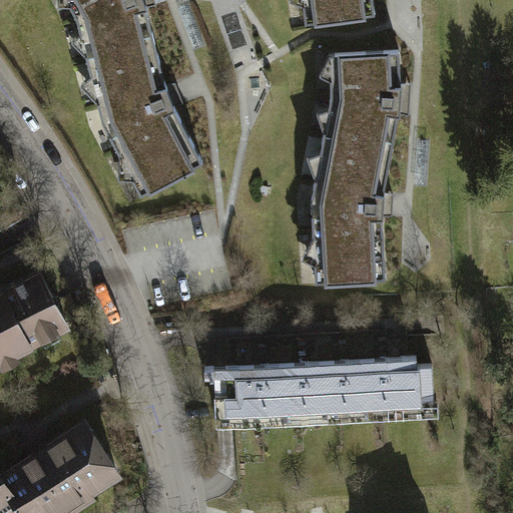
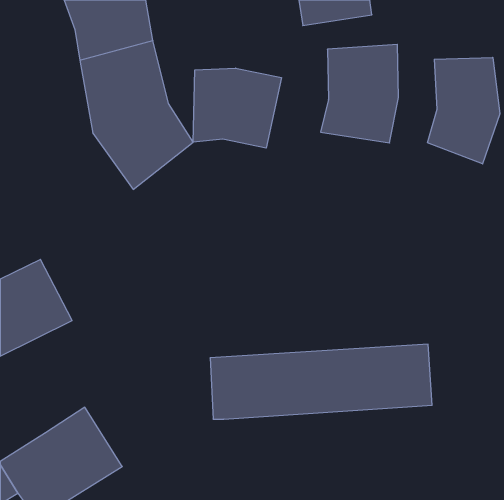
building: none -> [428,57,500,164]
building: none -> [193,68,281,148]
building: [313,138,396,288] -> none

